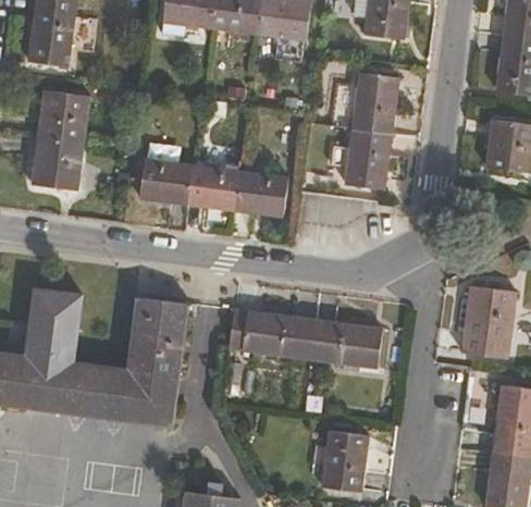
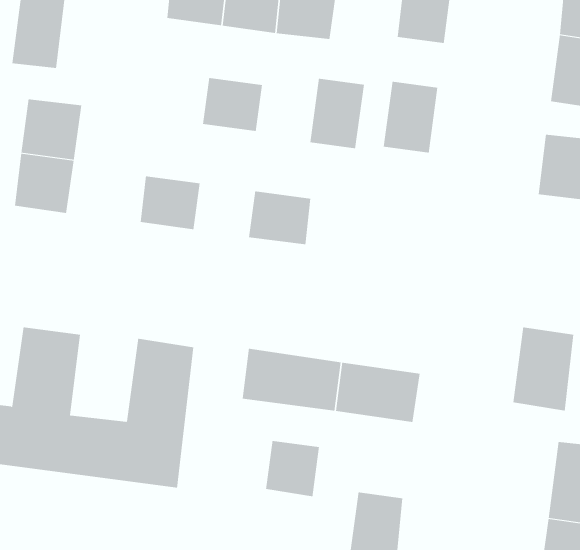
building: [342,132,390,193] -> [309,78,365,149]
building: [186,163,238,210] -> [202,77,263,132]
building: none -> [266,440,320,497]

